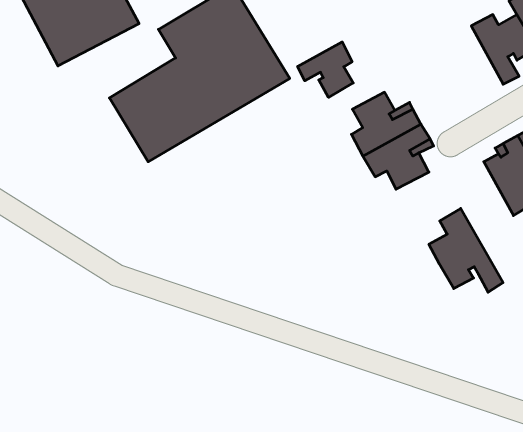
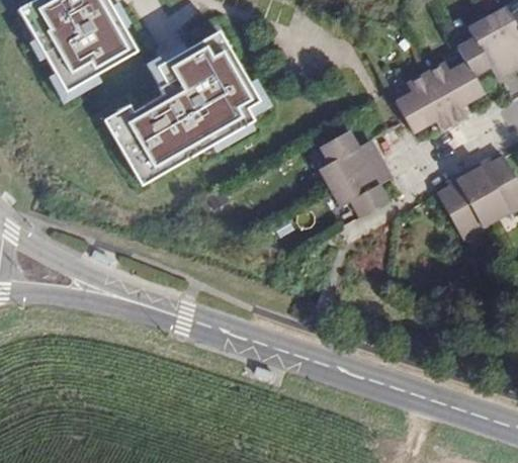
building: none -> [396,69,455,129]
building: [298,42,353,97] -> none
building: [429,208,503,292] -> none

